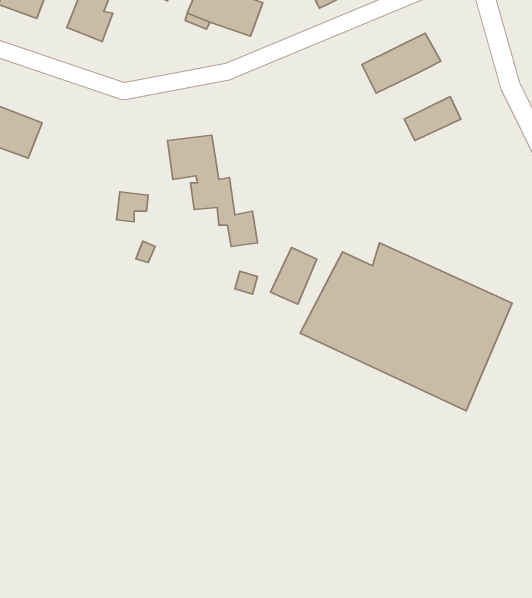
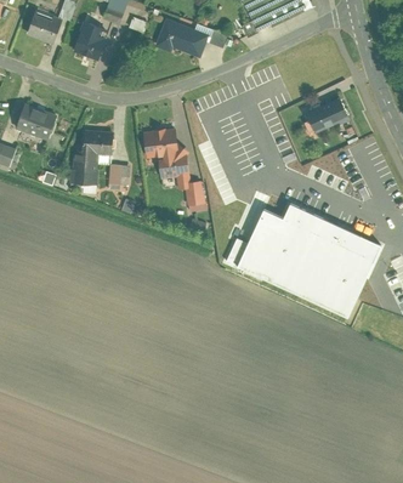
building: [362,33,441,93] -> none
building: none -> [70,132,112,183]
building: [271,247,317,304] -> none

